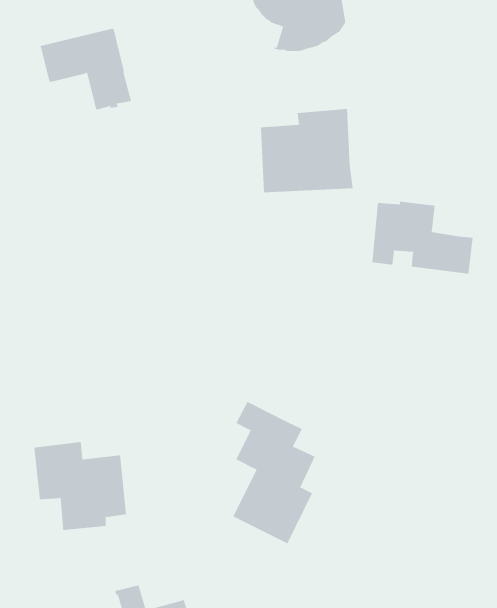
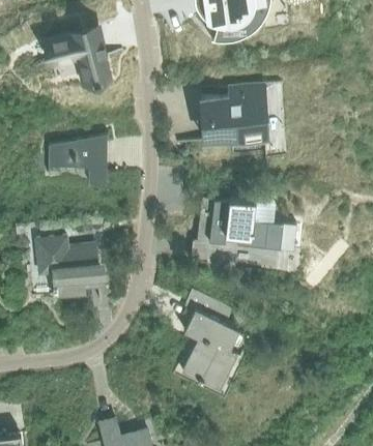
building: none -> [49,136,102,187]
building: [371,201,473,274] -> [209,198,282,249]
building: [33,442,127,531] -> [33,235,99,298]

